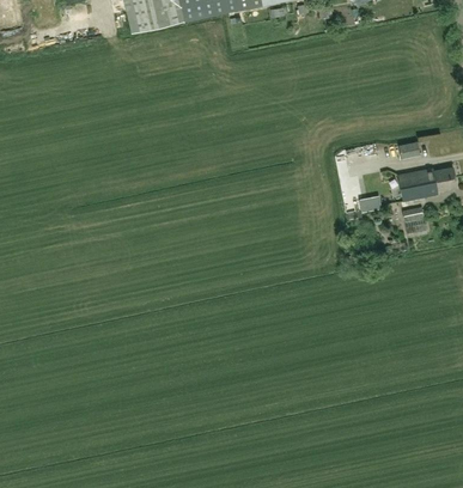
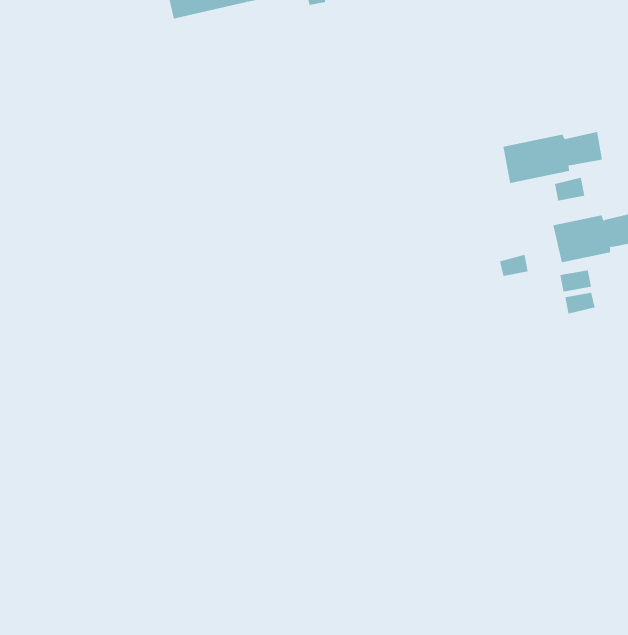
building: none -> [503,131,603,184]

